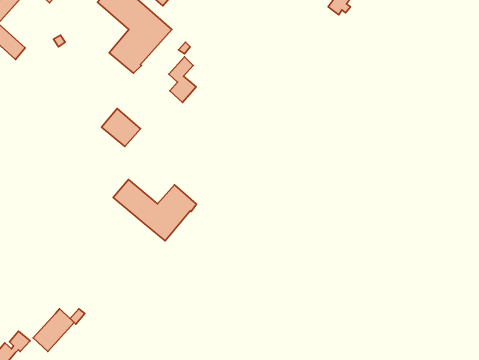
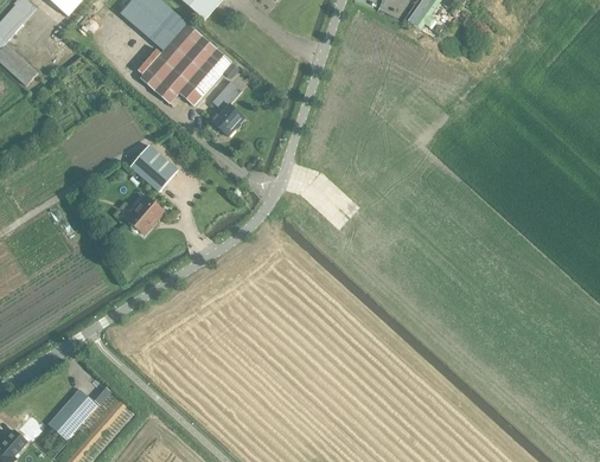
building: none -> [177,49,229,104]
building: none -> [127,197,161,232]
building: [113,180,196,241] -> none

